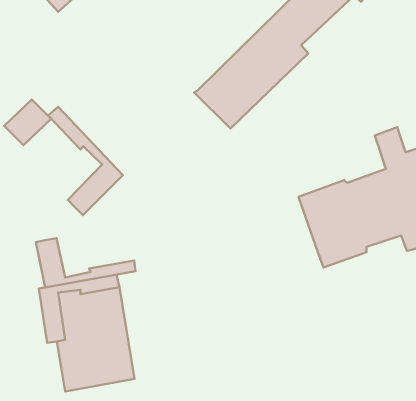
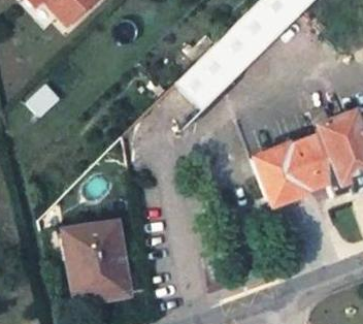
building: [48,107,123,215] -> none
building: [36,238,135,287] -> none

